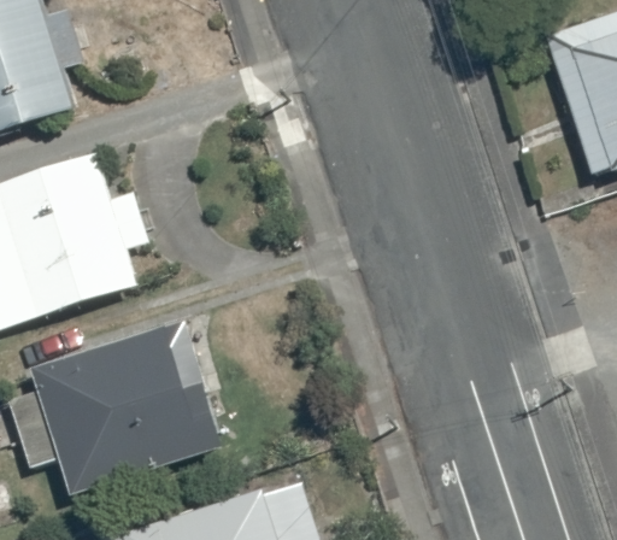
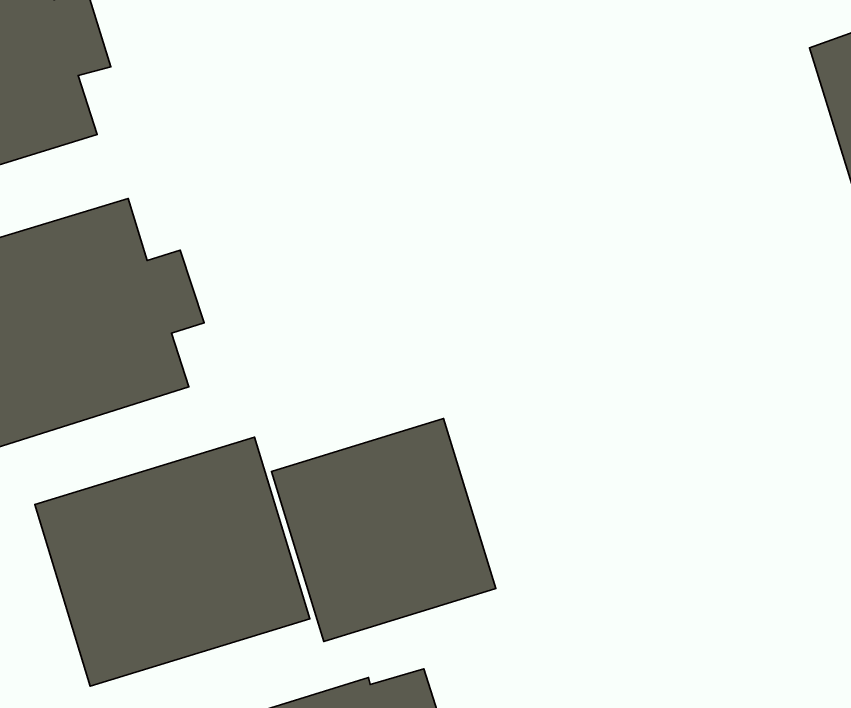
building: none -> [272,418,496,642]

